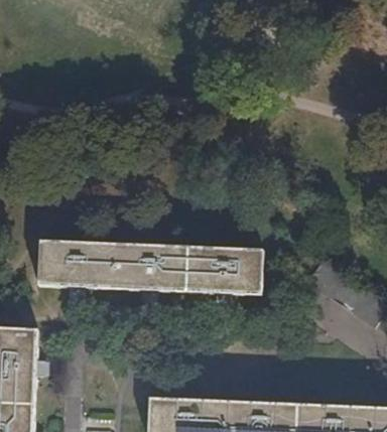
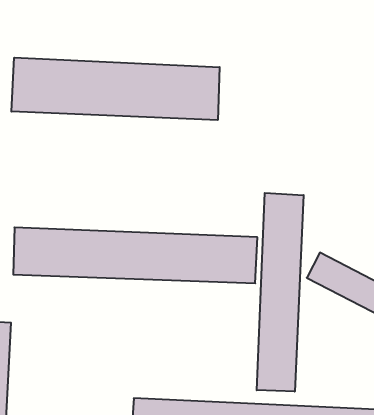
building: none -> [11,58,220,120]
building: none -> [257,193,304,392]

